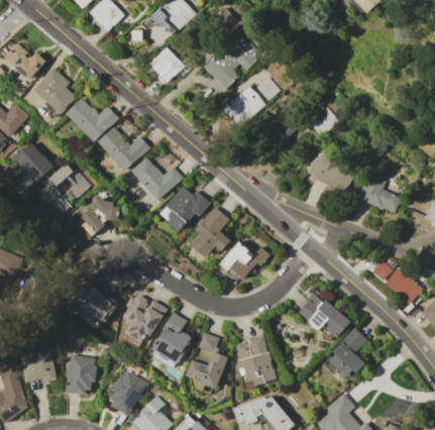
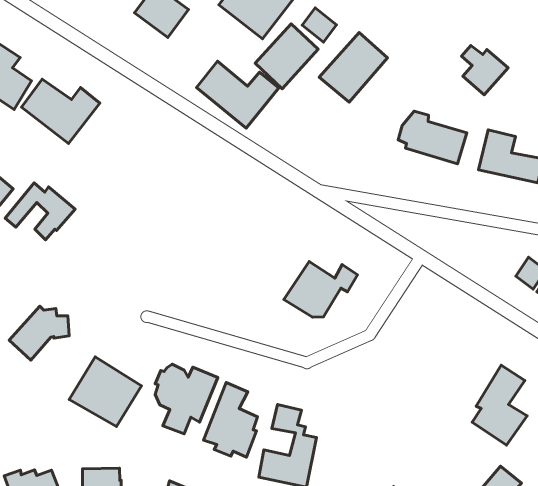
building: [309,103,339,136] -> [461,46,508,95]
building: [97,125,148,170] -> none
building: [129,155,183,202] -> [197,61,279,128]
building: [158,186,210,230] -> none
building: [80,198,120,232] -> [9,306,69,360]
building: [190,206,229,256] -> none
building: [299,293,350,336] -> none
building: [232,335,276,387] -> none

